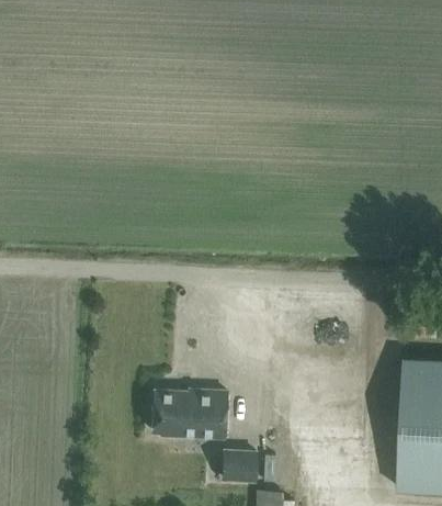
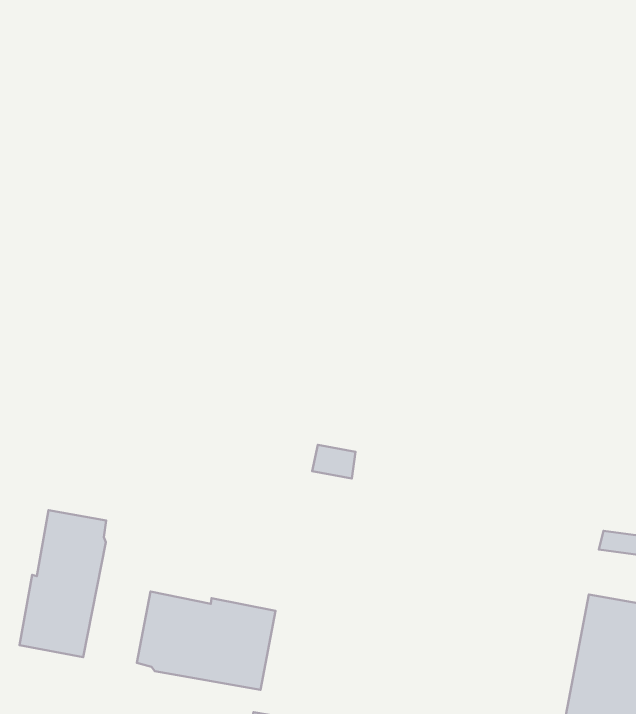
building: none -> [20,510,106,657]

